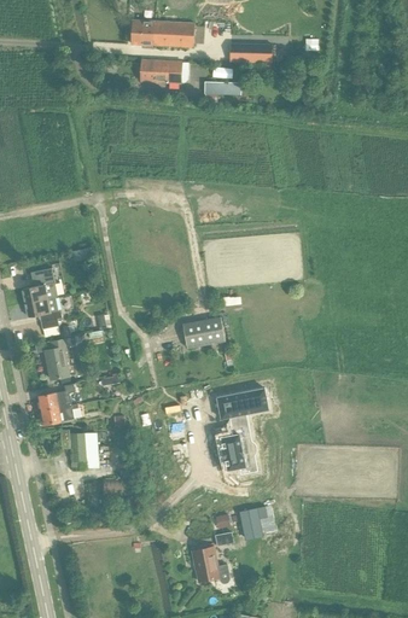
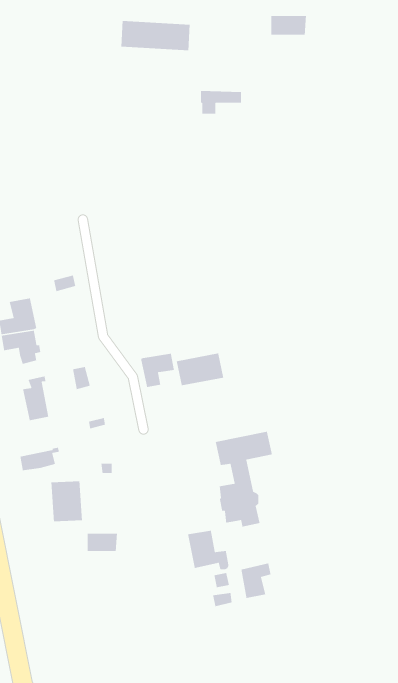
building: [239,43,272,62] -> [271,15,307,35]
building: [141,59,188,83] -> none
building: none -> [141,353,175,388]
building: [37,383,74,410] -> none
building: [191,547,228,583] -> [187,530,229,570]

